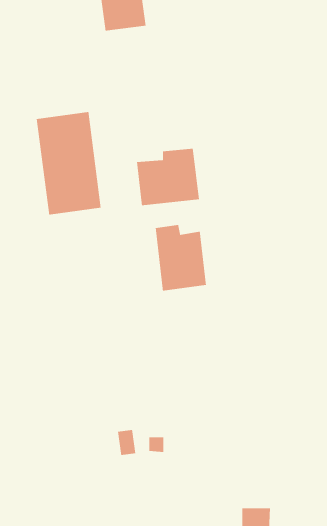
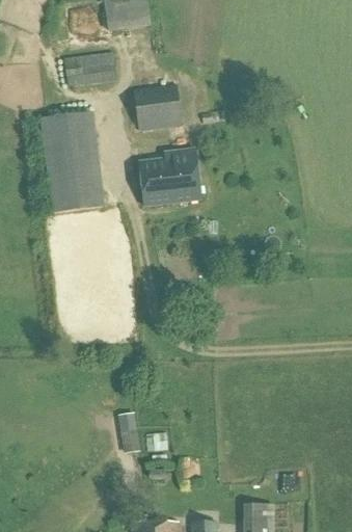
building: none -> [62,52,115,86]
building: none -> [132,84,182,131]
building: [155,224,207,292] -> none

